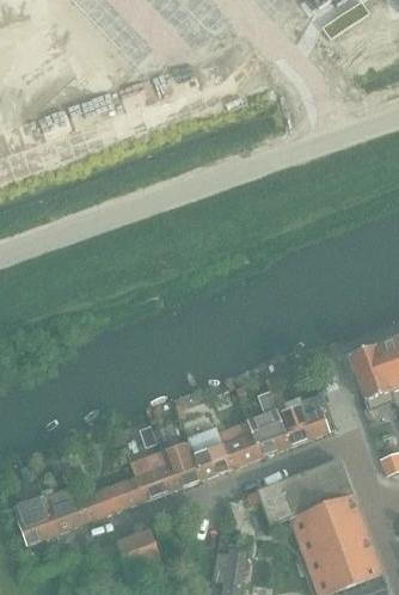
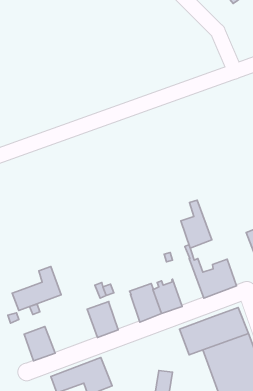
building: [247,391,290,458] -> [181,200,212,248]
building: [159,441,202,490] -> none
building: [75,461,143,522] -> [12,267,61,310]
building: [13,496,55,544] -> none

